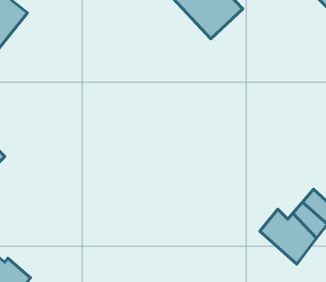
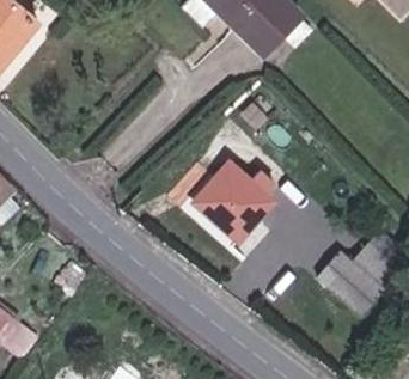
building: none -> [190,165,271,243]

